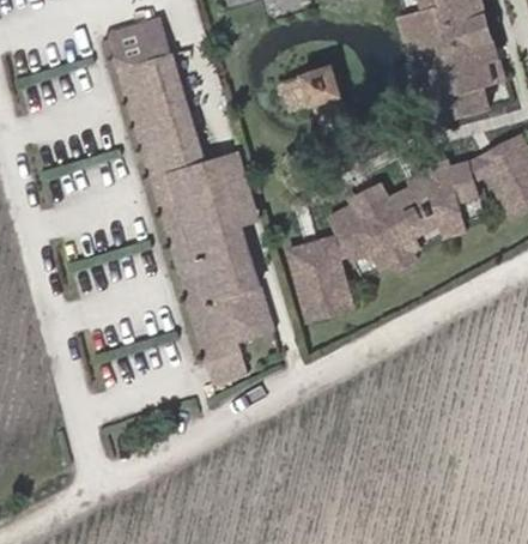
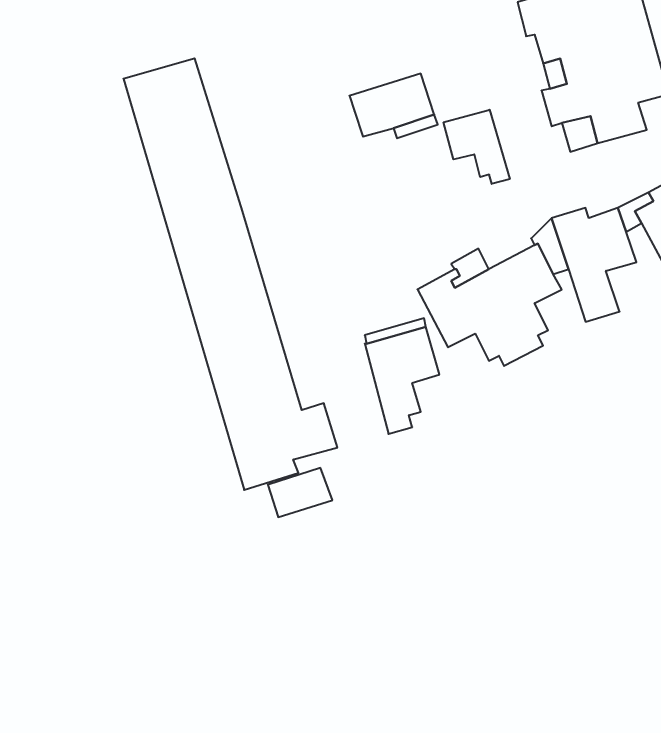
building: [109,19,170,69] -> none
building: none -> [444,110,510,184]
building: [204,153,261,303] -> none

